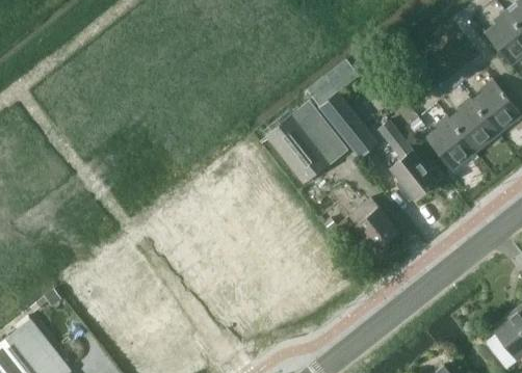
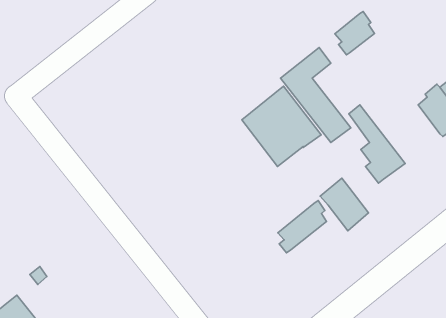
building: none -> [335,12,374,55]
building: [426,114,473,171] -> none
building: none -> [278,201,326,253]

